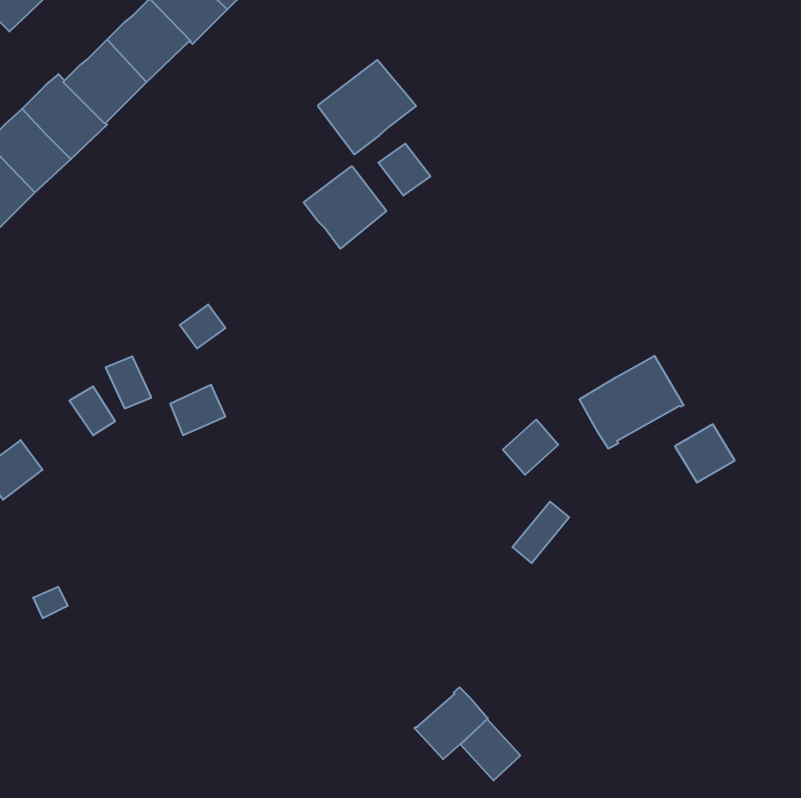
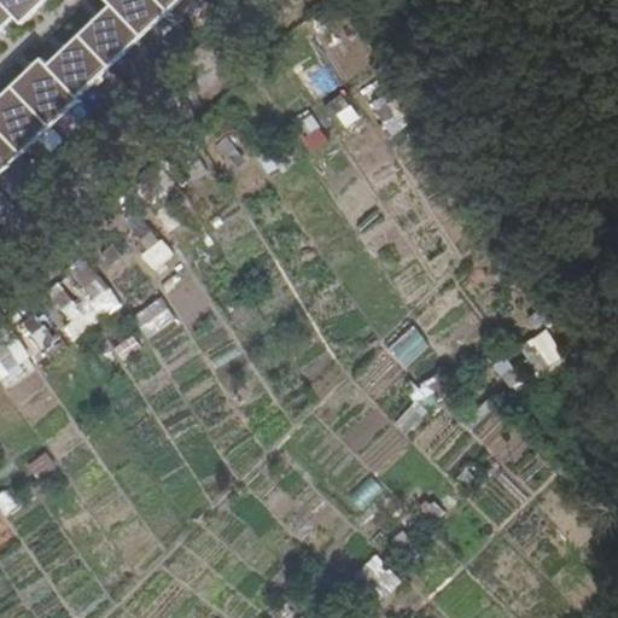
building: [318,60,416,154] -> none
building: [304,166,386,249] -> none
building: [579,356,684,449] -> none
building: [414,687,488,759] -> none

